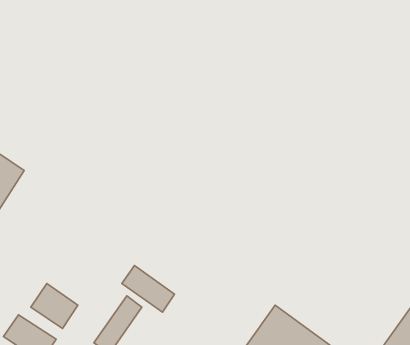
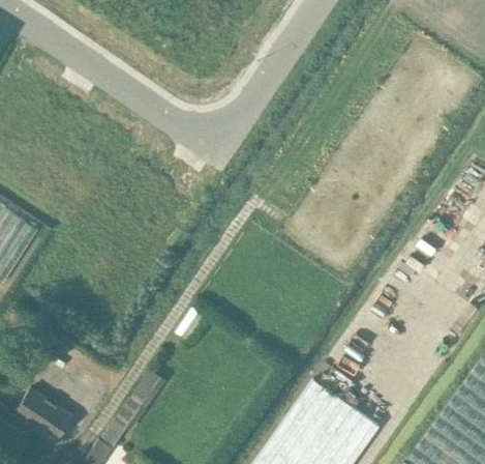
building: [122,266,175,312] -> none
building: [31,283,78,329] -> none

